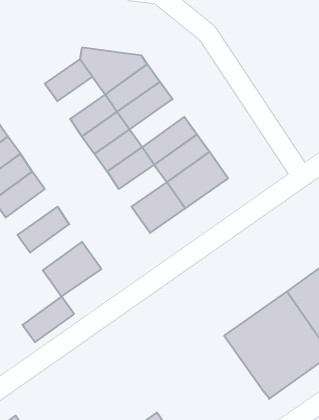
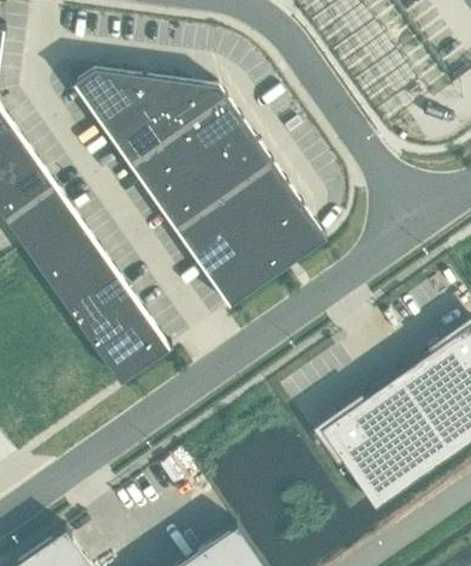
building: none -> [72,68,144,120]
building: none -> [114,112,173,163]
building: none -> [203,139,270,198]
building: none -> [190,220,249,272]
building: none -> [50,250,114,306]
building: [22,296,74,342] -> [81,293,144,350]

